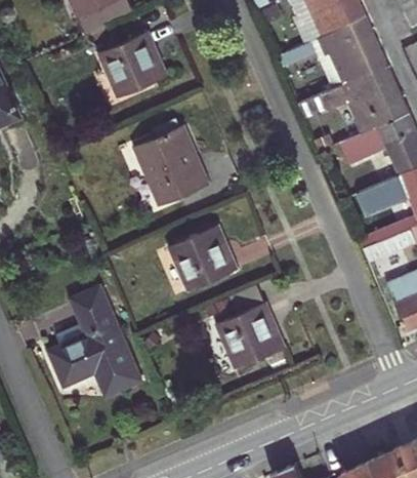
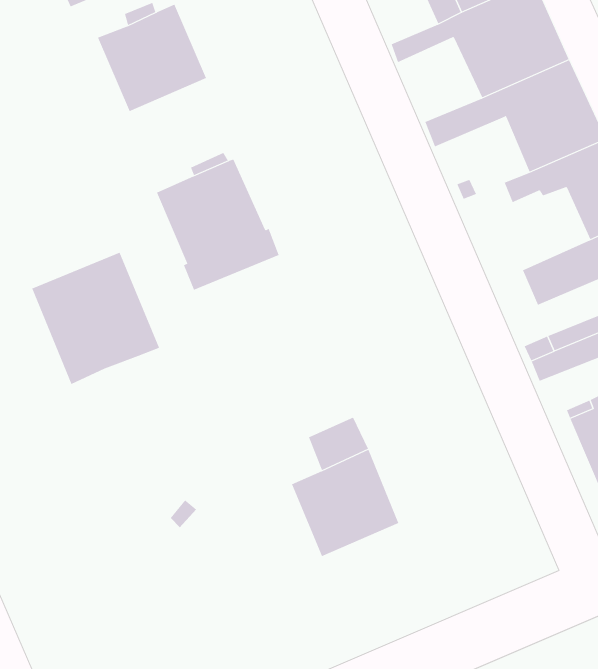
building: none -> [31,252,160,385]
building: [169,226,236,290] -> none
building: [49,287,140,395] -> none

